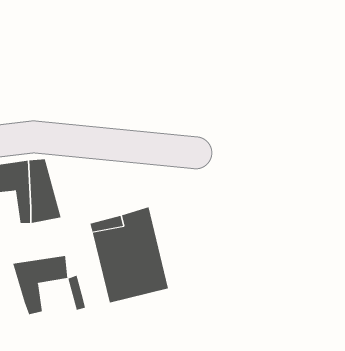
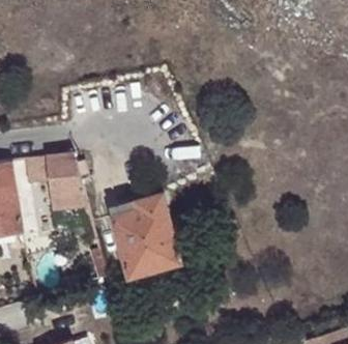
building: [12,255,68,315] -> none

